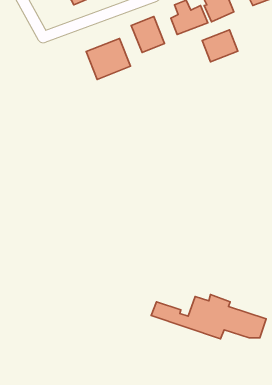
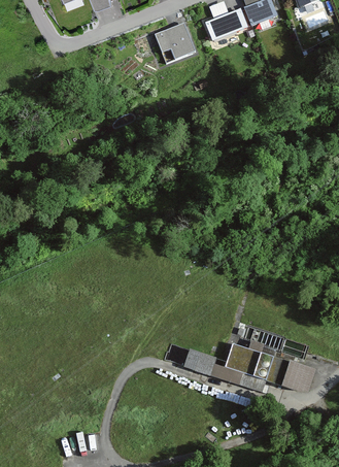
building: [202,30,238,62] -> none
building: [86,38,130,79] -> none

